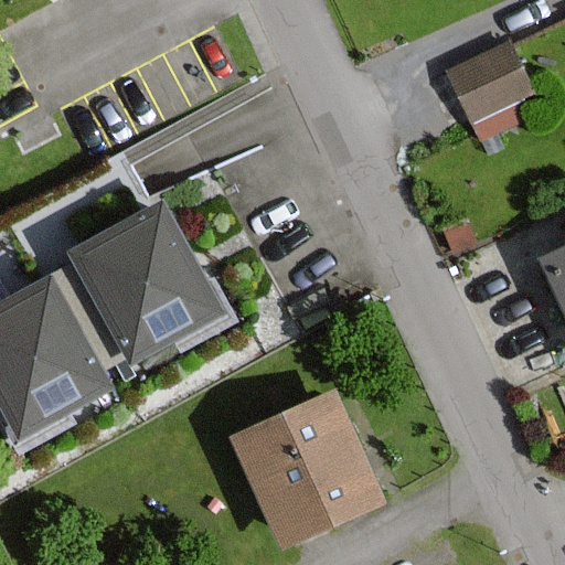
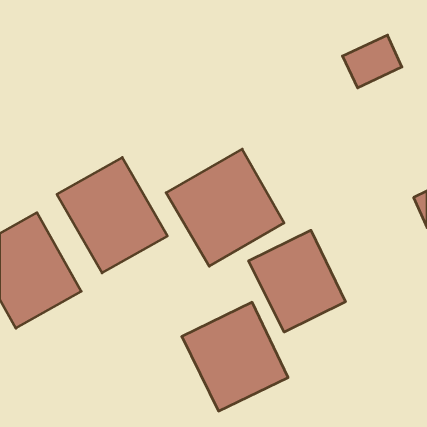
building: none -> [166,149,284,266]
building: none -> [249,230,345,332]

